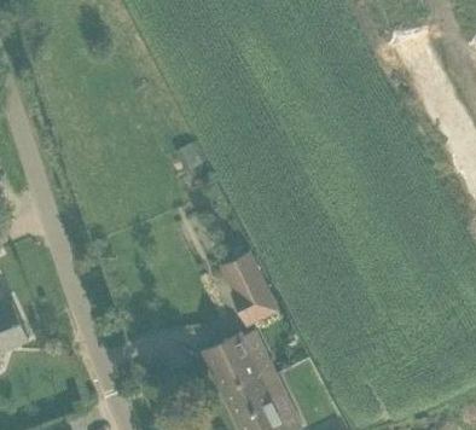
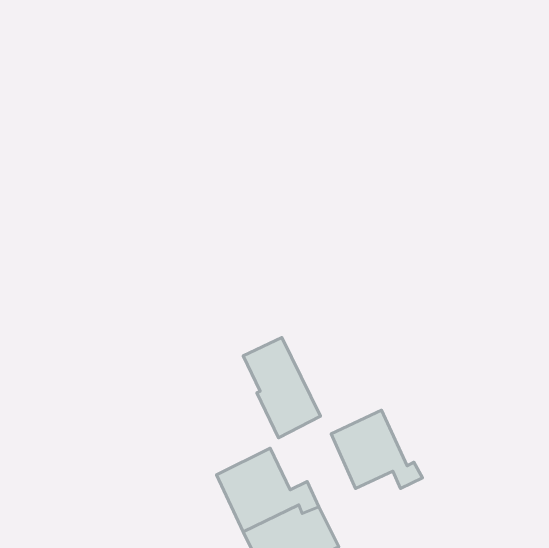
building: none -> [331,410,423,488]

